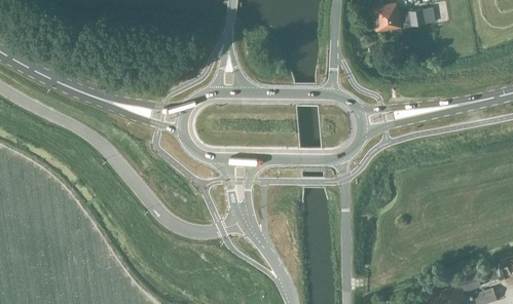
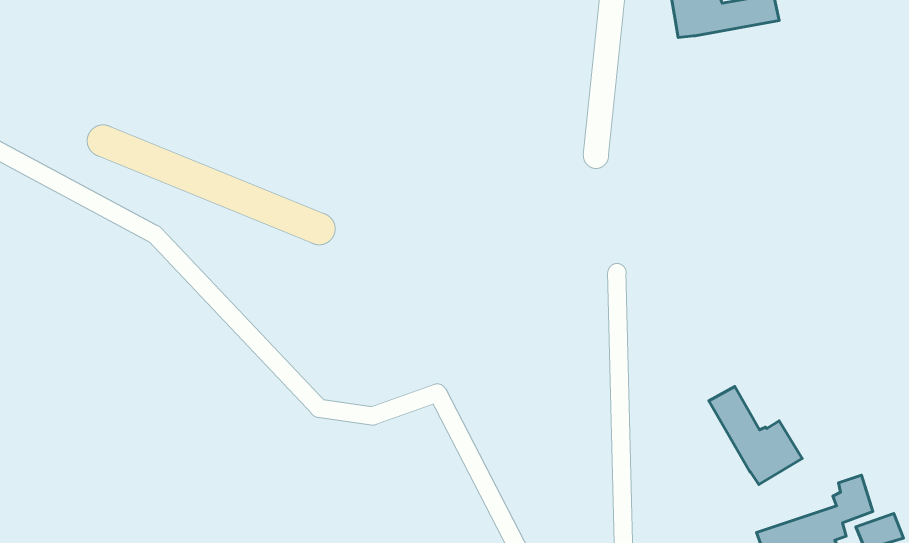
building: none -> [709,387,802,485]

